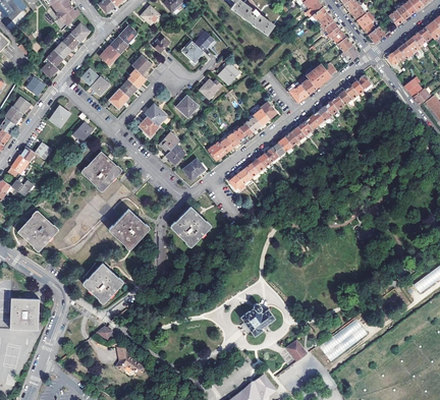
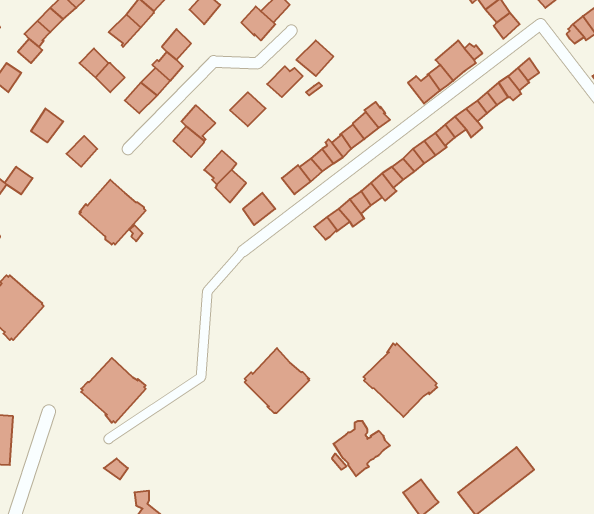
building: [170,206,211,246] -> [245,348,309,413]
building: [109,208,150,248] -> none
building: none -> [363,343,437,417]

